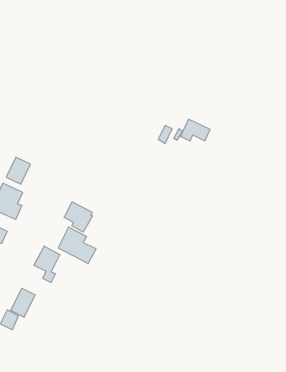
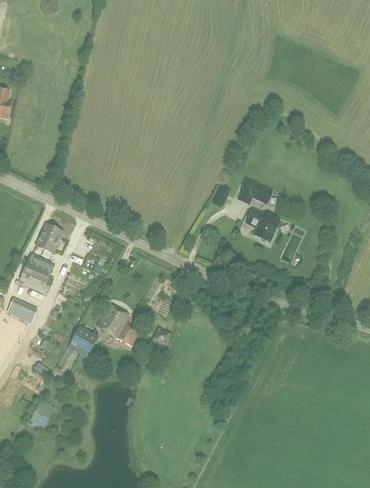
building: none -> [246,208,278,241]
building: [64,202,92,232] -> none
building: [11,288,35,317] -> none

